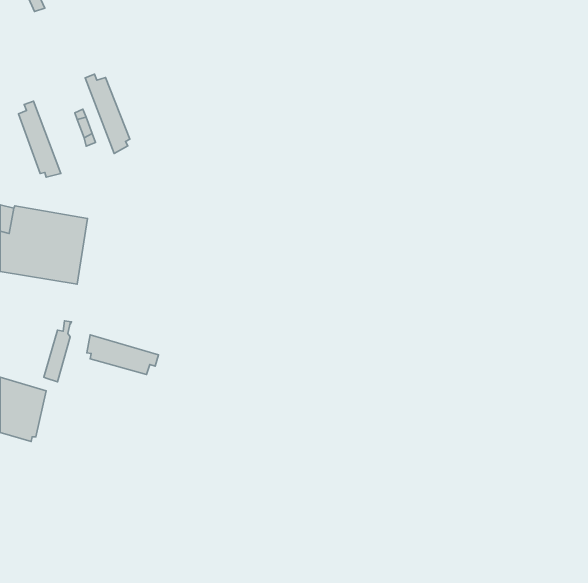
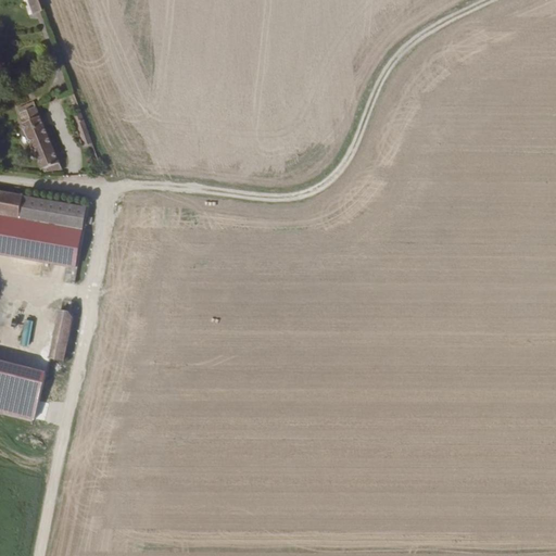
building: [85,74,130,154] -> none
building: [87,335,159,374] -> none

